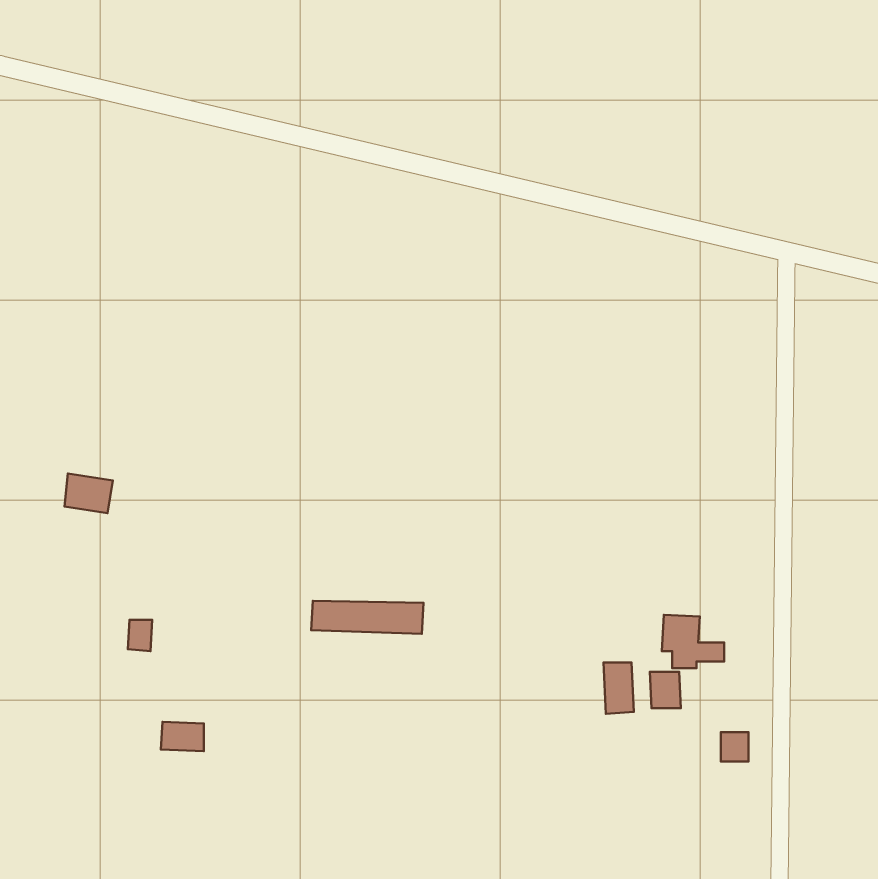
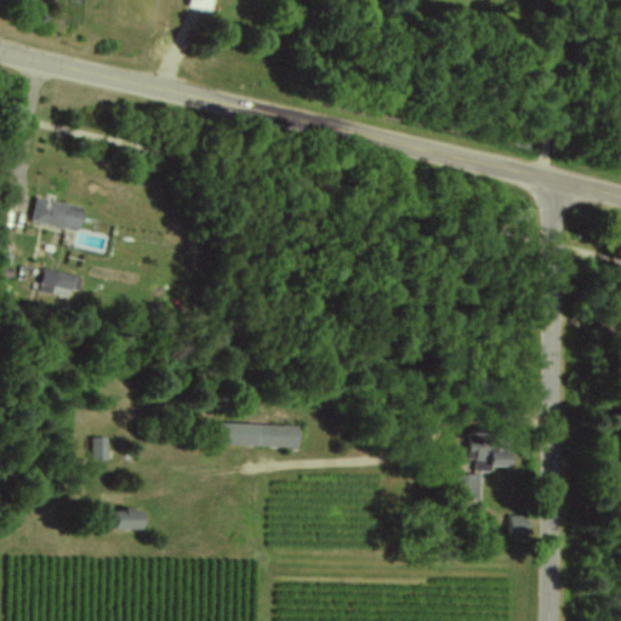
building: none -> [33,198,85,232]
building: [64,474,113,513] -> [42,270,76,298]
building: [604,663,634,714] -> none

